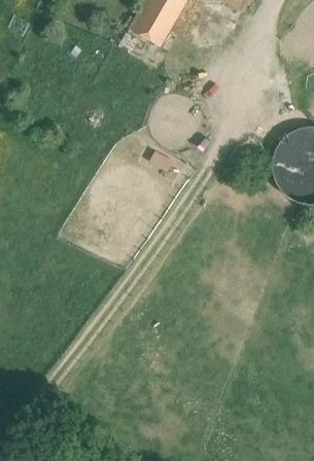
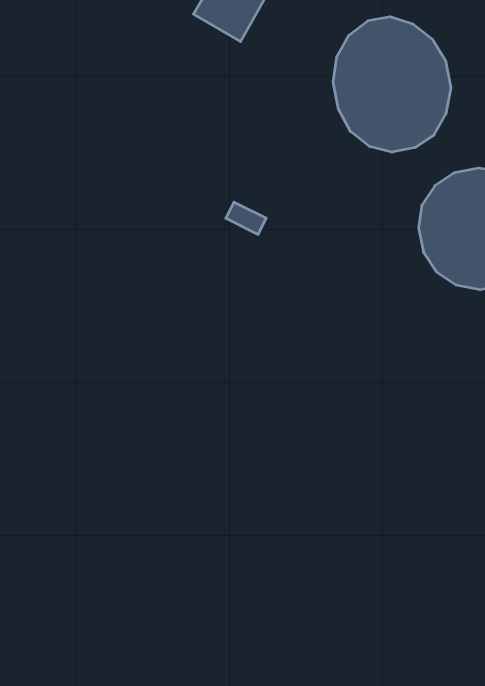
building: none -> [333,17,451,152]

